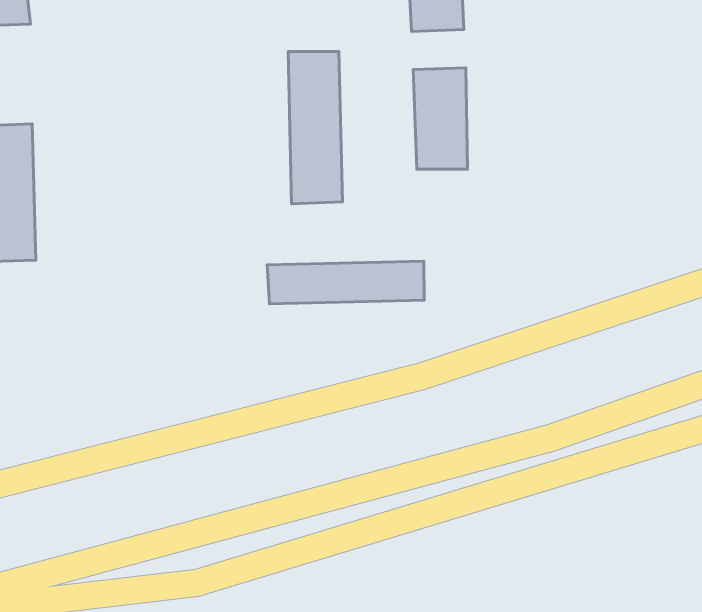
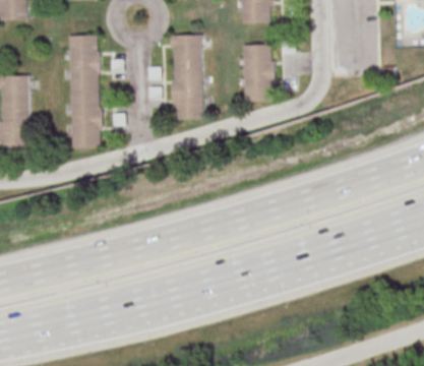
building: none -> [69,34,101,147]
building: [267,261,424,304] -> none

